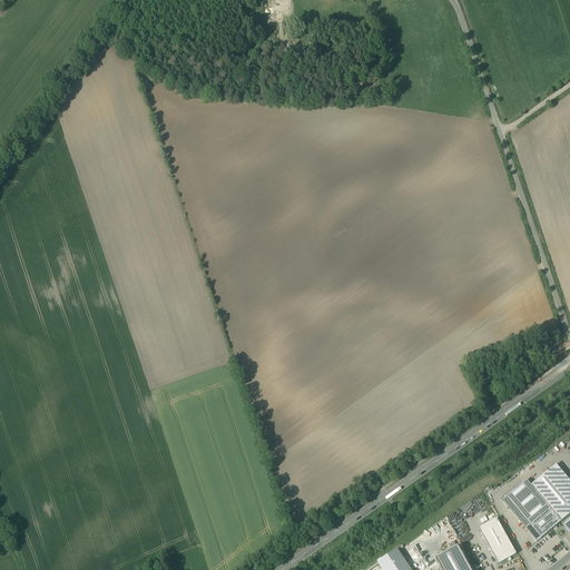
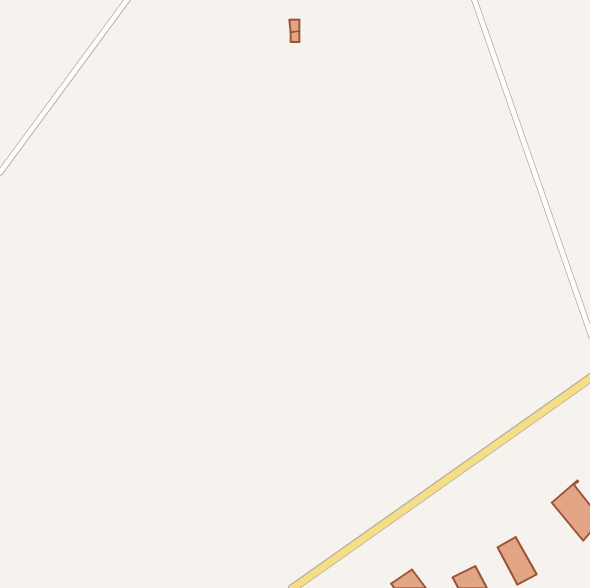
building: [503,478,562,540] -> none

